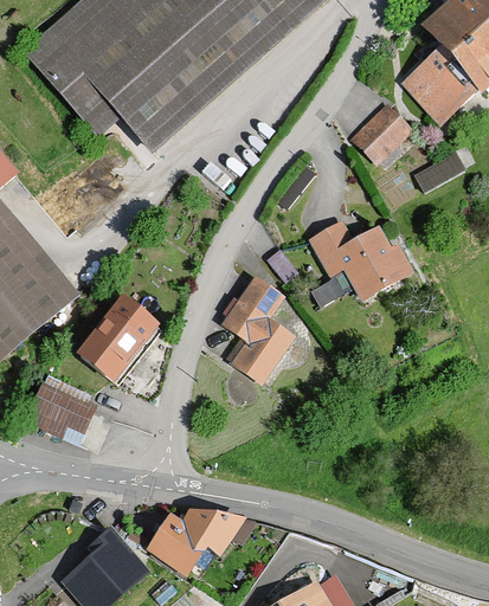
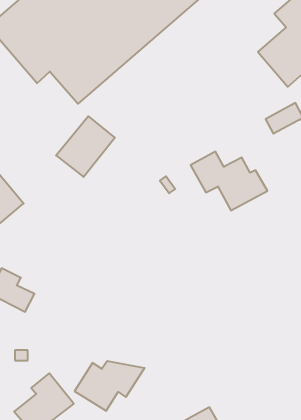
building: [350,102,406,163] -> none
building: [221,277,296,385] -> none
building: [79,299,161,383] -> [56,116,115,177]

